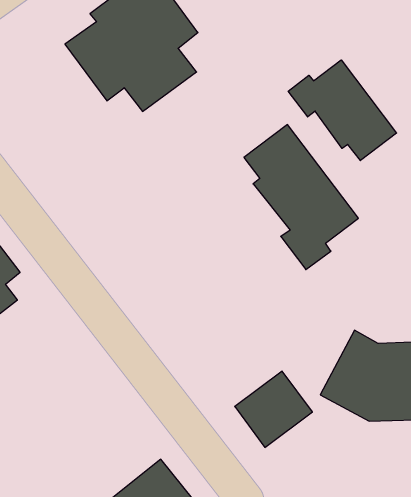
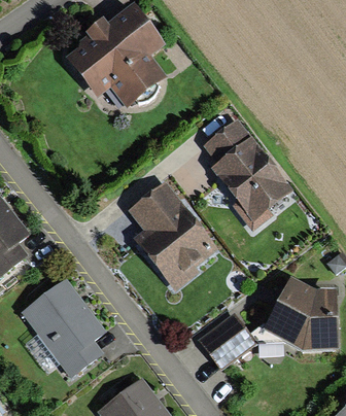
building: [288,60,397,161] -> none
building: none -> [127,180,216,289]
building: none -> [23,279,104,378]

